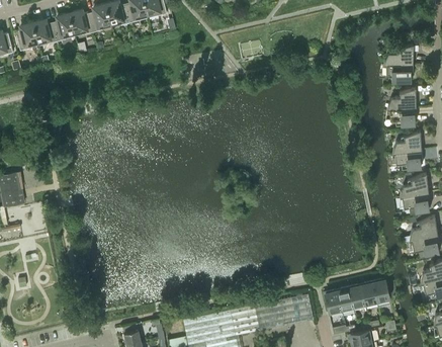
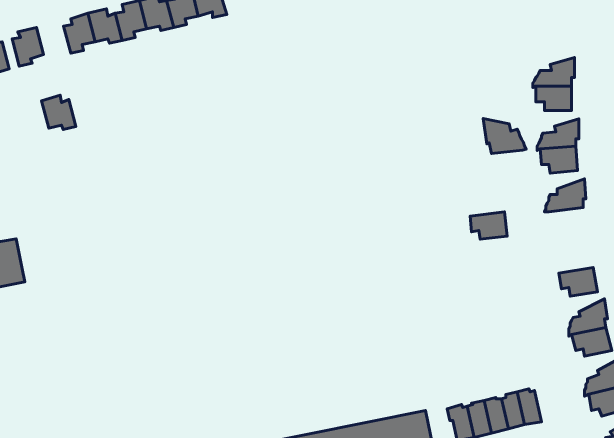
building: [32,19,57,44] -> [42,95,76,129]
building: none -> [483,118,526,154]
building: [394,151,421,170] -> [470,212,507,239]
building: [400,173,428,198] -> none

